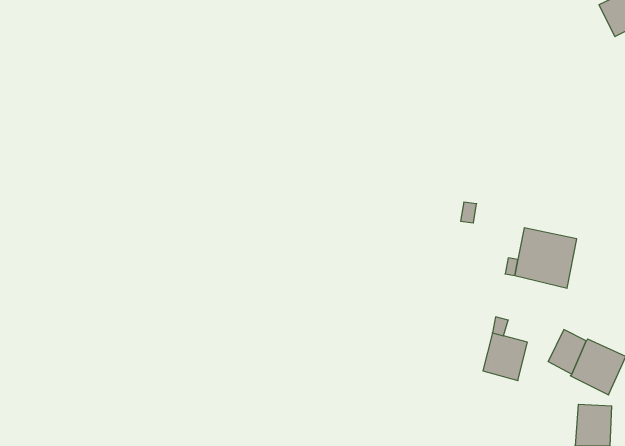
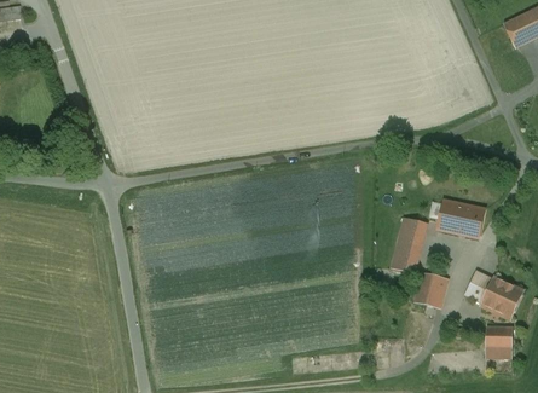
building: none -> [392,215,428,272]

